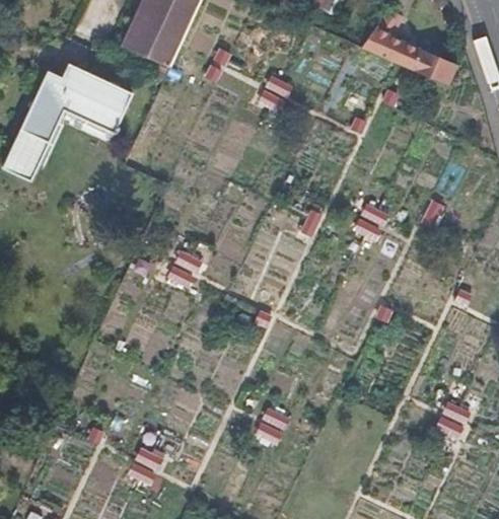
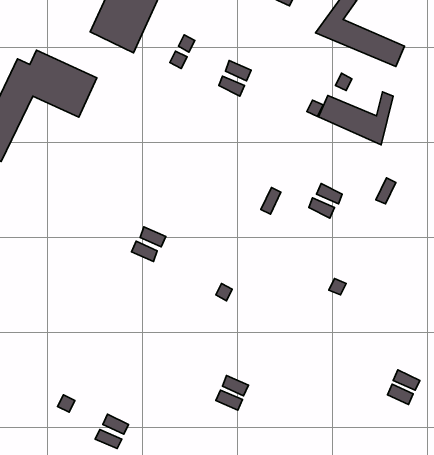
building: none -> [319,92,393,145]

